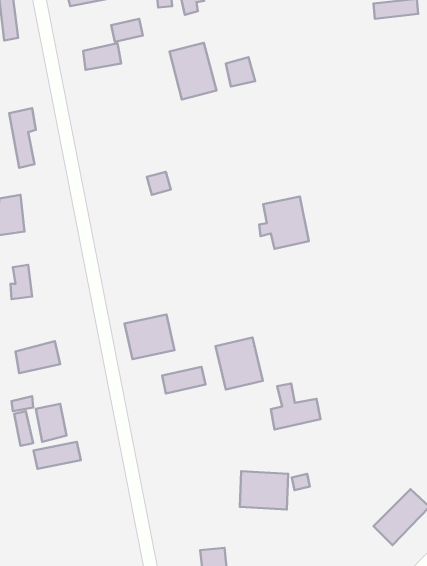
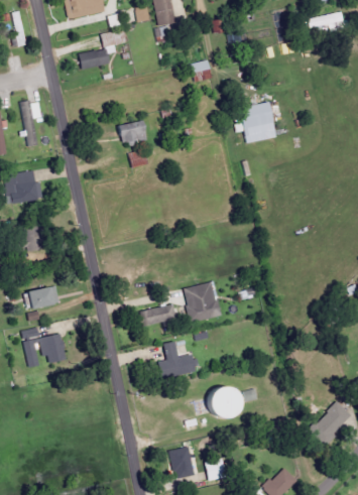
building: [169,43,216,99] -> none
building: none -> [118,119,148,142]
building: [259,197,309,249] -> [235,104,274,145]
building: [124,315,175,359] -> none
building: [271,384,320,429] -> [158,341,198,377]
building: [34,442,81,469] -> none

